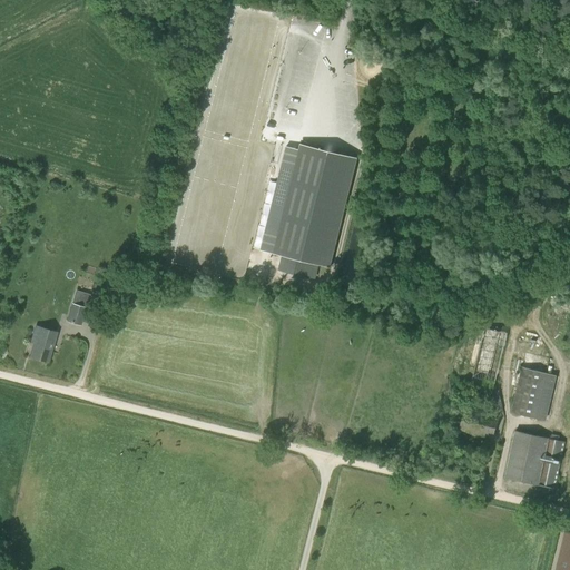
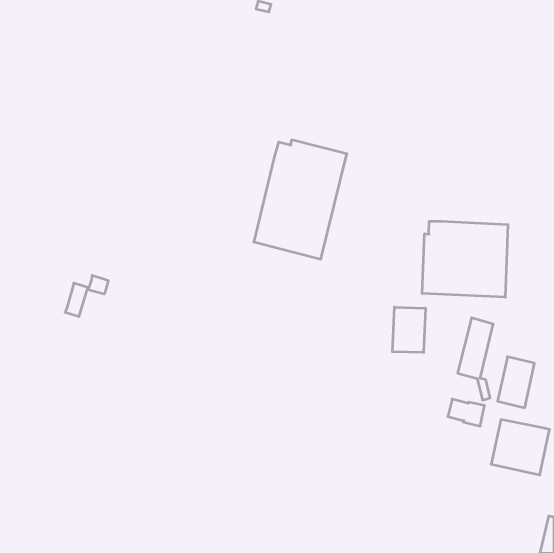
building: none -> [422,221,508,297]
building: none -> [392,307,425,353]
building: [30,326,57,362] -> none

